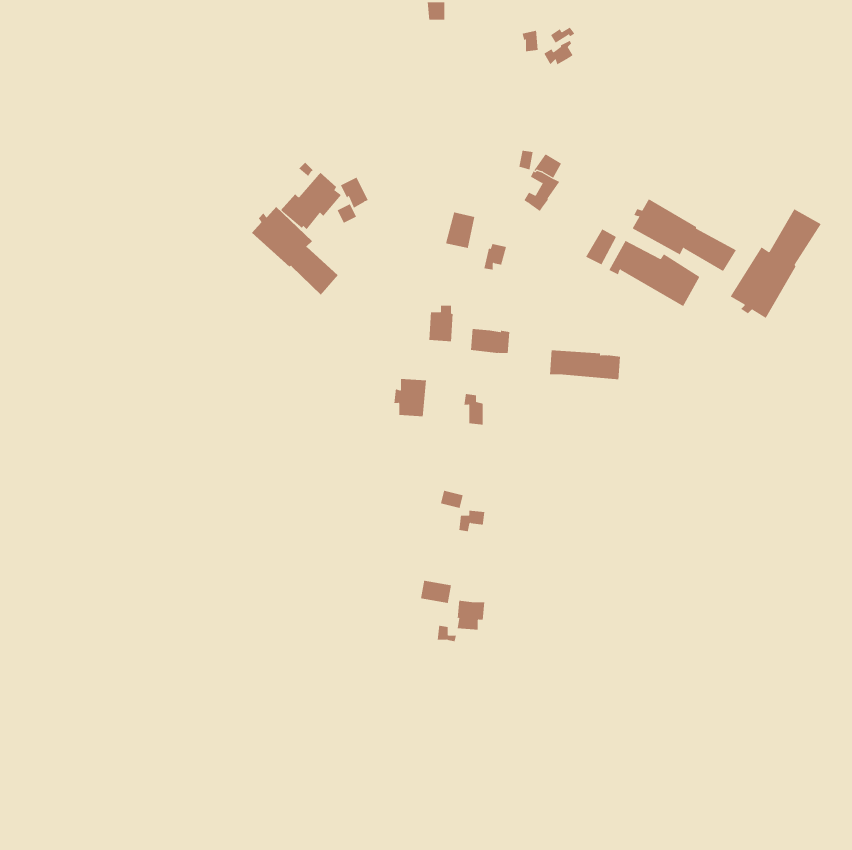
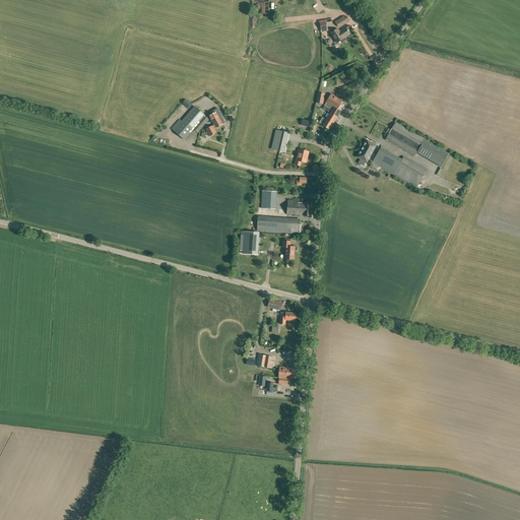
building: [251,206,339,296] -> none
building: [730,208,822,319] -> none
building: [549,350,621,380] -> [257,215,301,234]

